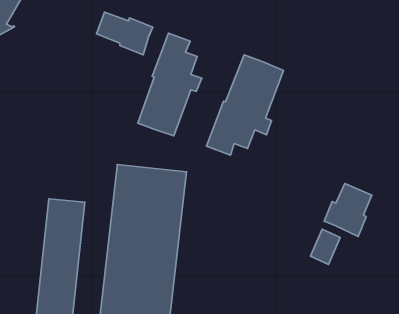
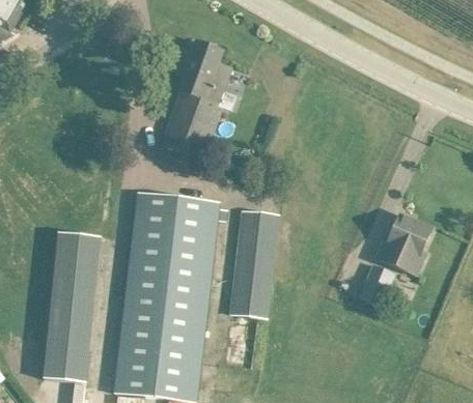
building: [96,12,153,55] -> none
building: [206,55,284,155] -> none
building: none -> [232,210,279,318]

